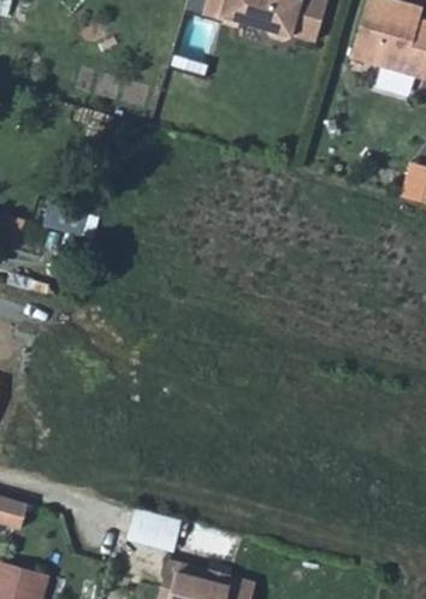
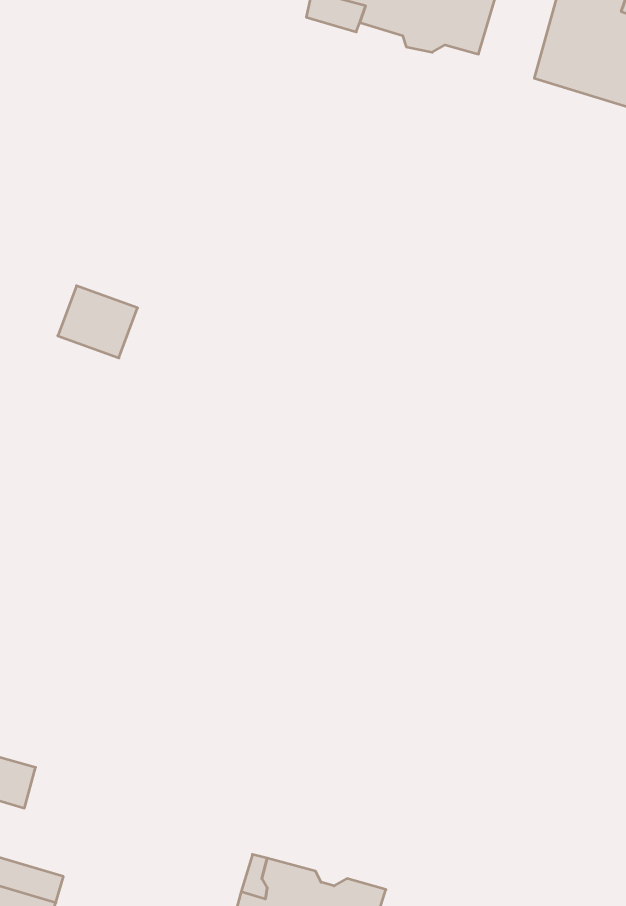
building: [125,509,181,552] -> none

